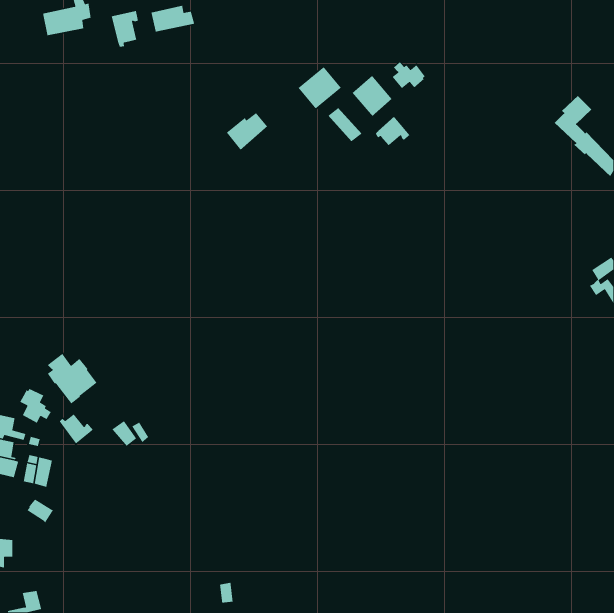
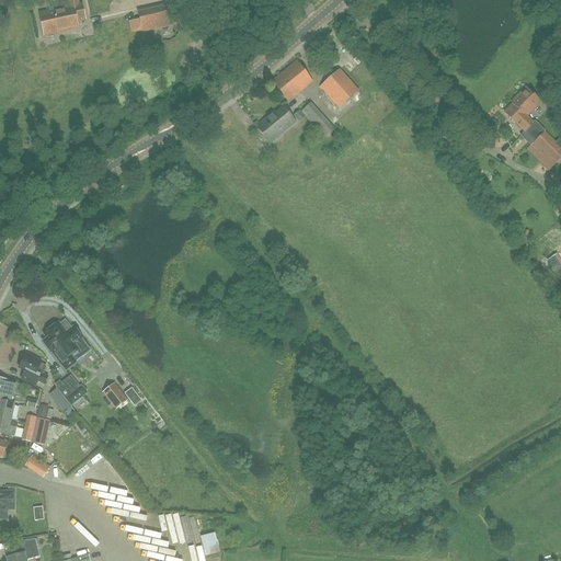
building: [111,10,141,48] -> none
building: [391,61,426,89] -> none
building: [226,112,268,151] -> [255,106,294,141]
building: [375,116,411,148] -> none

